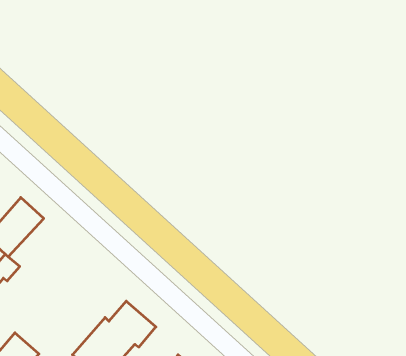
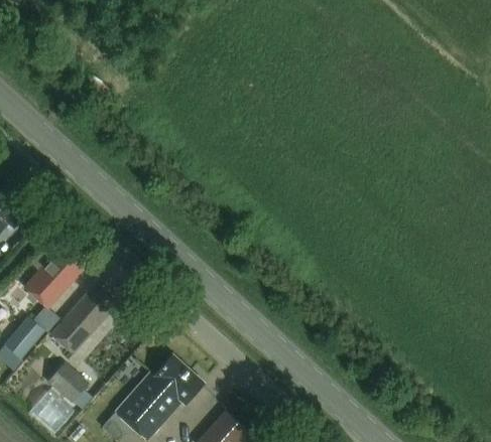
building: none -> [49,289,114,356]
building: none -> [45,363,88,408]

